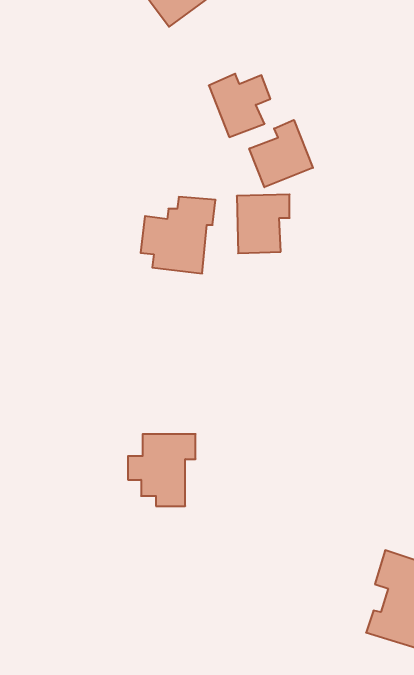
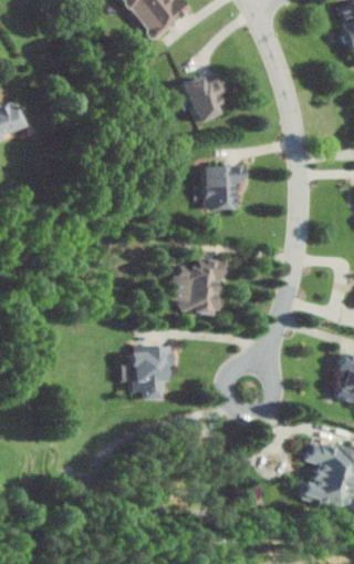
building: [249,120,313,187] -> none
building: [141,197,216,273] -> [169,258,226,316]

